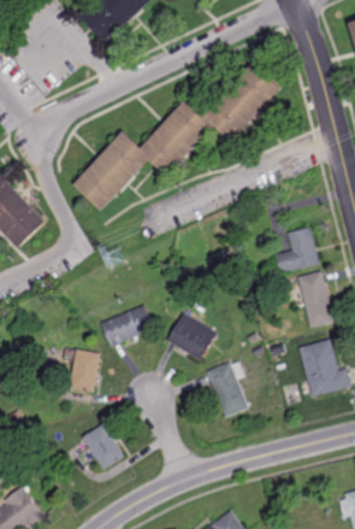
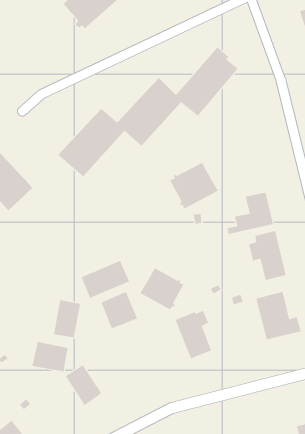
building: none -> [170,162,219,209]
building: none -> [101,291,138,329]
building: none -> [32,341,68,372]

